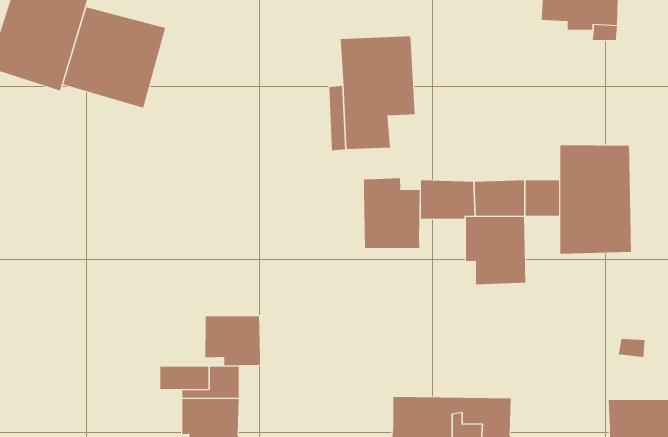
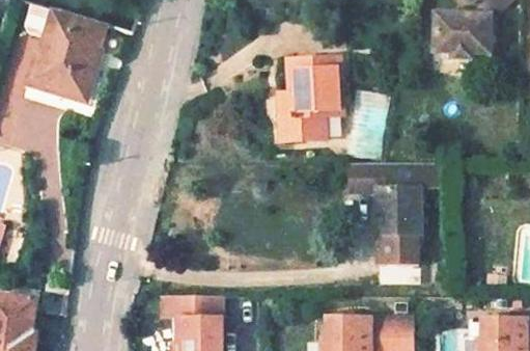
building: [63,7,166,109] -> none
building: [560,145,631,254] -> none
building: [363,178,420,249] -> none
building: none -> [376,237,416,263]
building: [205,316,261,366] -> none

